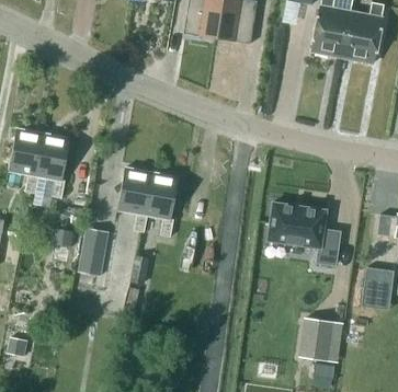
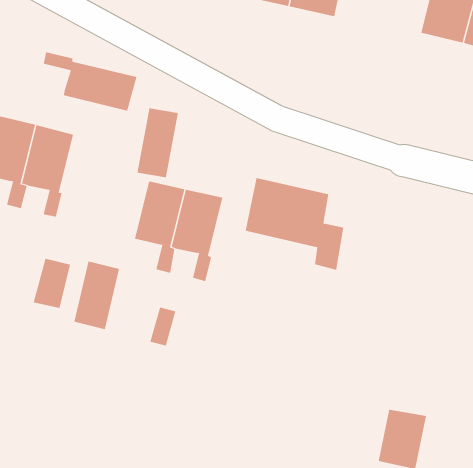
building: none -> [43,51,137,111]
building: none -> [137,107,178,178]
building: [268,199,338,262] -> [245,177,344,271]

